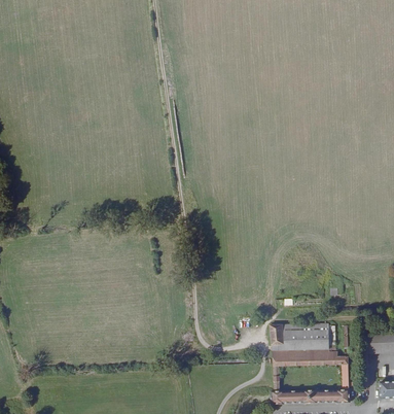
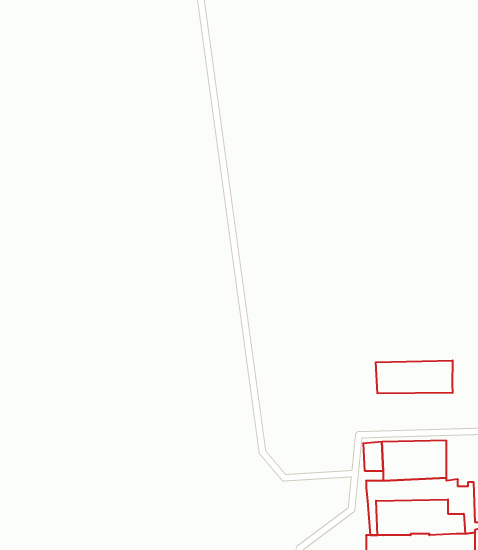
building: none -> [376,360,453,393]

